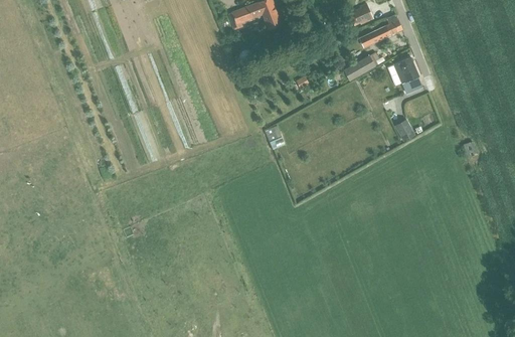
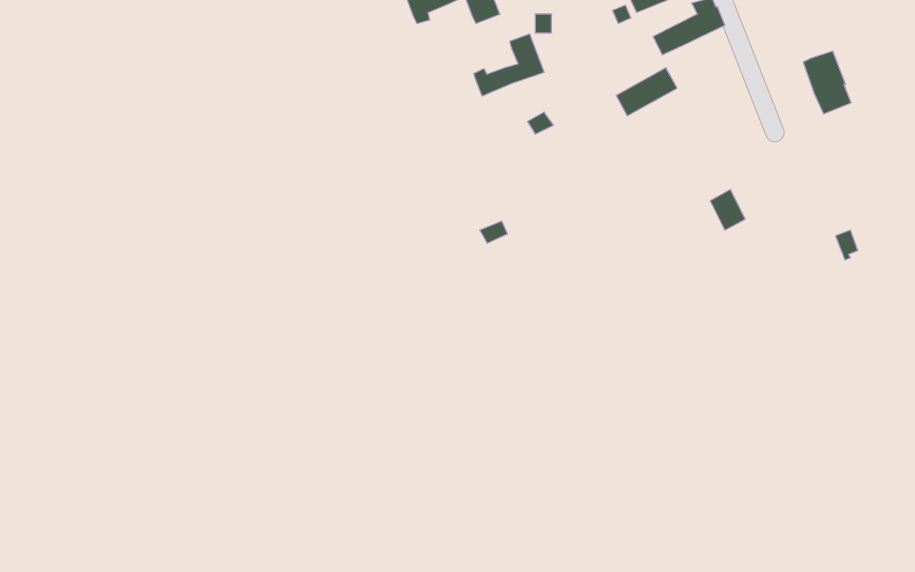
building: none -> [474,34,544,96]
building: [394,56,420,91] -> [803,51,851,114]

